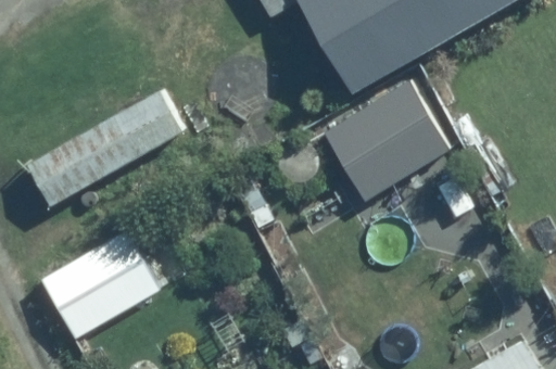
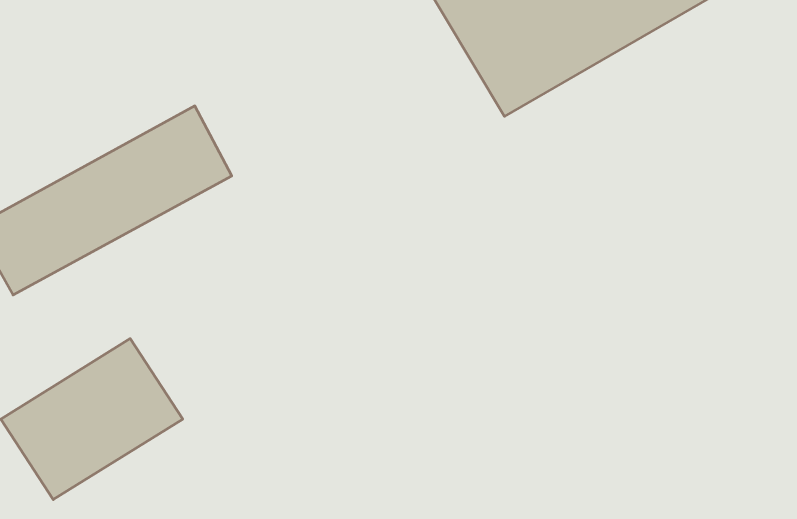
building: [312,73,444,200] -> none

